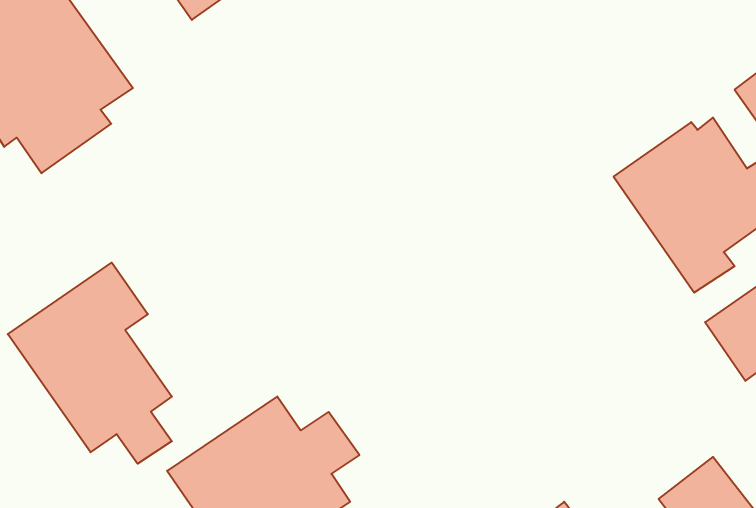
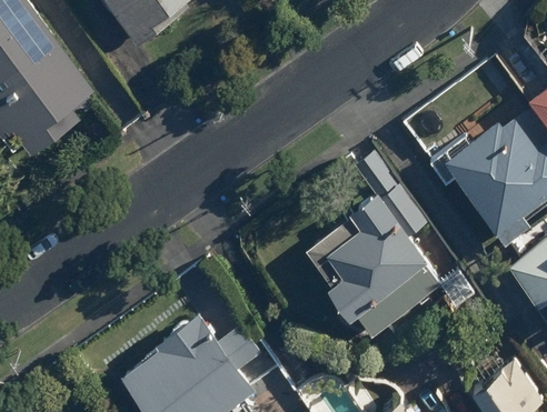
building: none -> [301,197,441,340]
building: [8,263,172,464] -> none

